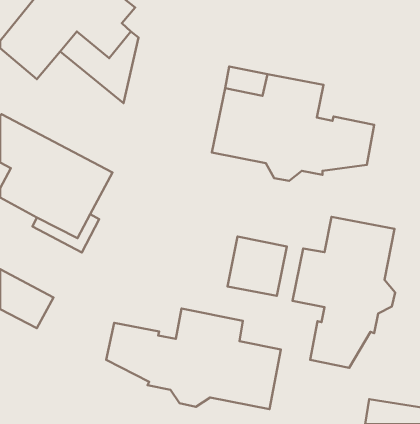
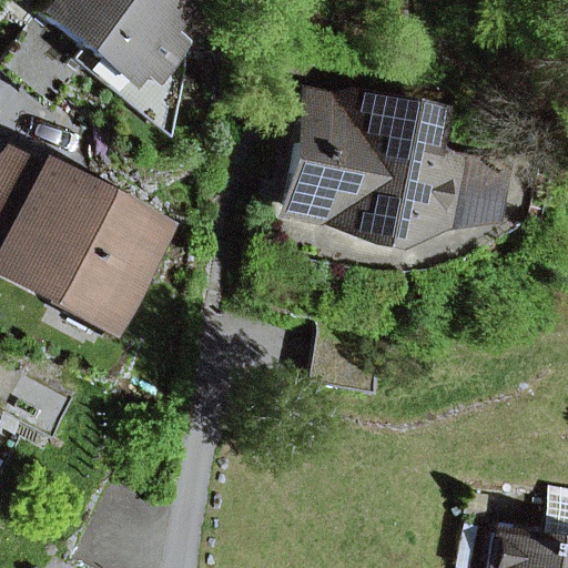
building: [292,217,395,368] -> none
building: [106,308,281,409] -> none

